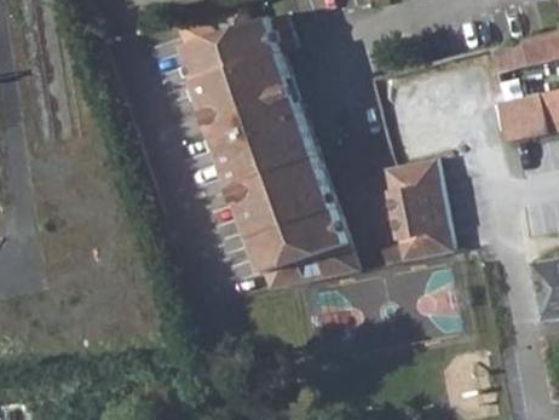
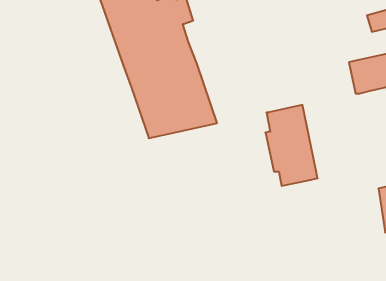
building: [238,180,358,289] -> none

